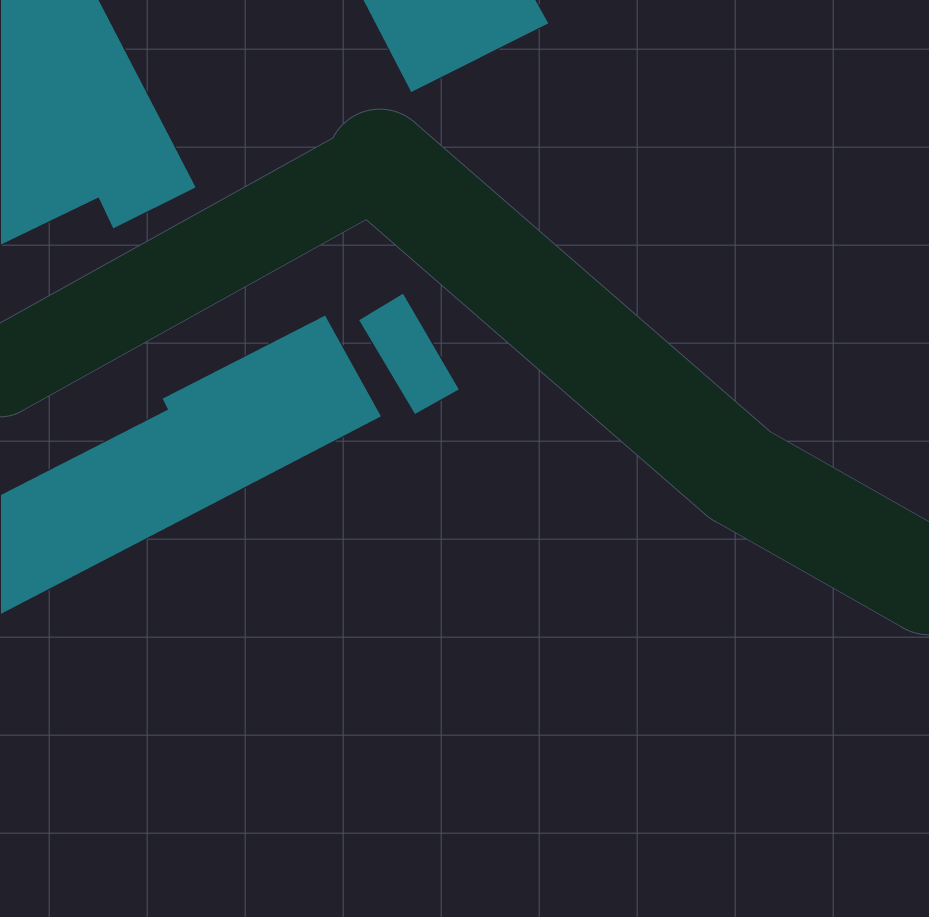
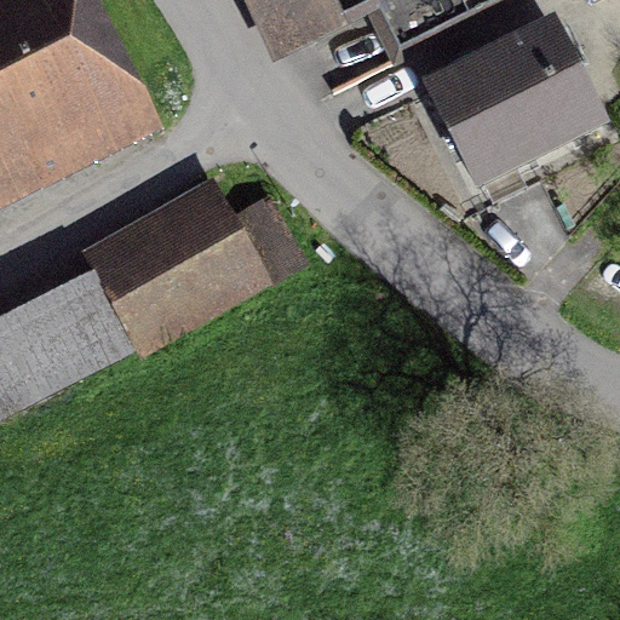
building: none -> [430,22,603,180]

